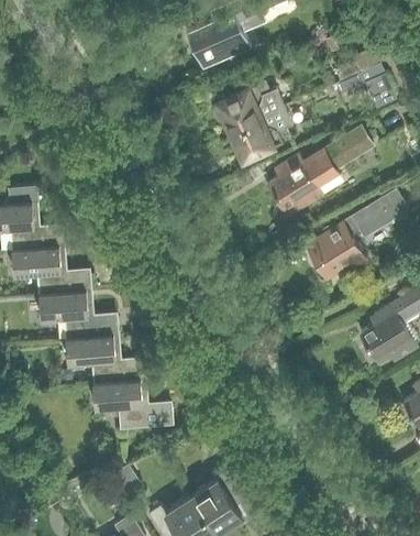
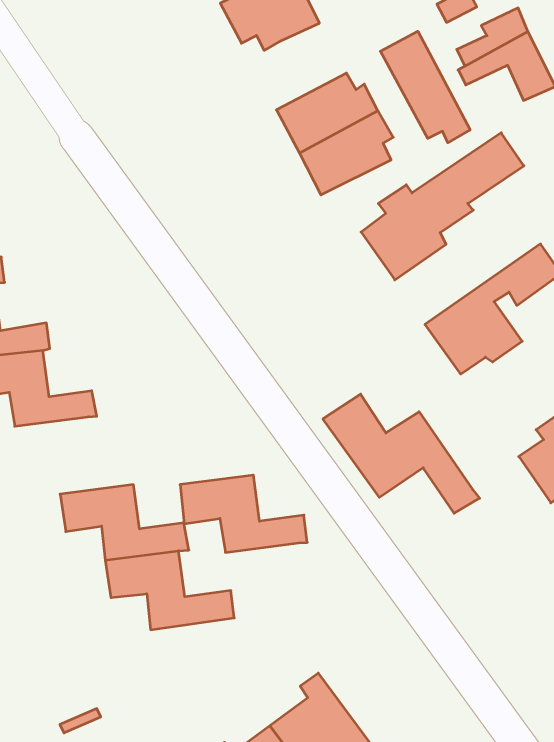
building: none -> [380,31,470,143]
building: none -> [323,394,480,513]
building: [38,292,118,340] -> [180,475,307,552]

